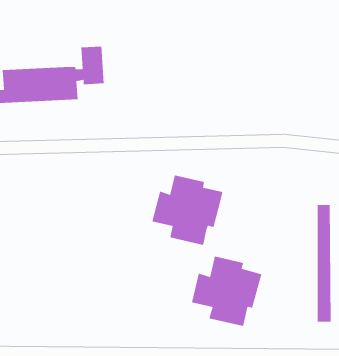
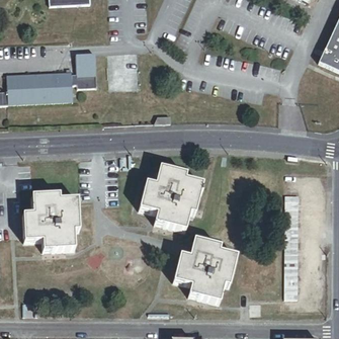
building: none -> [23,193,79,249]

